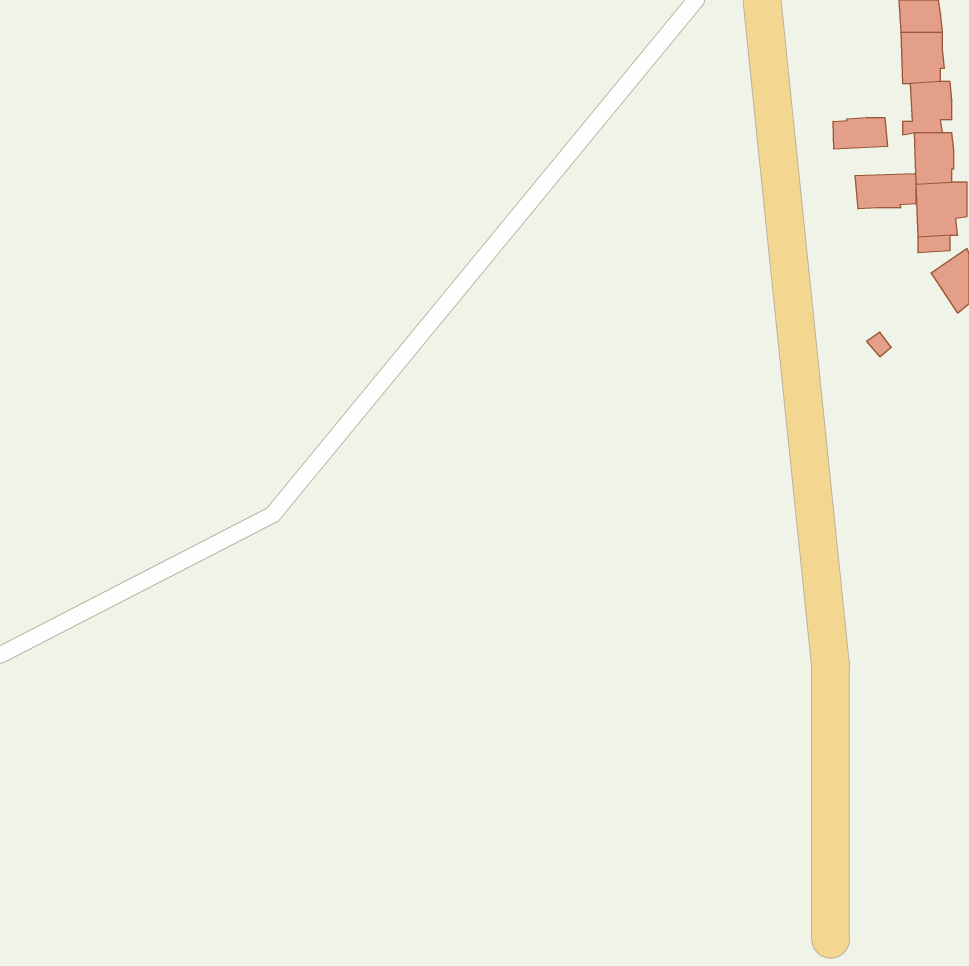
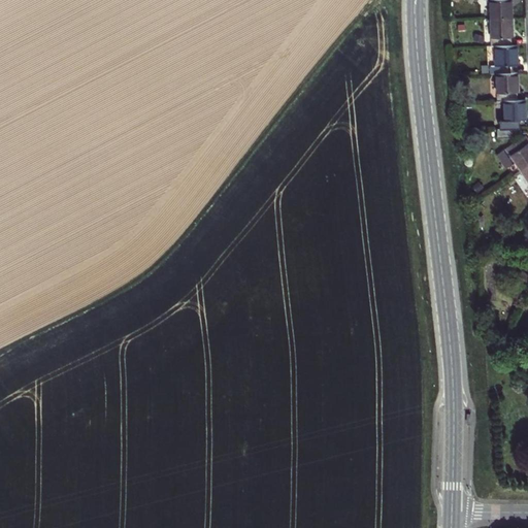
building: [833,117,888,149] -> none
building: [855,173,916,209] -> none

